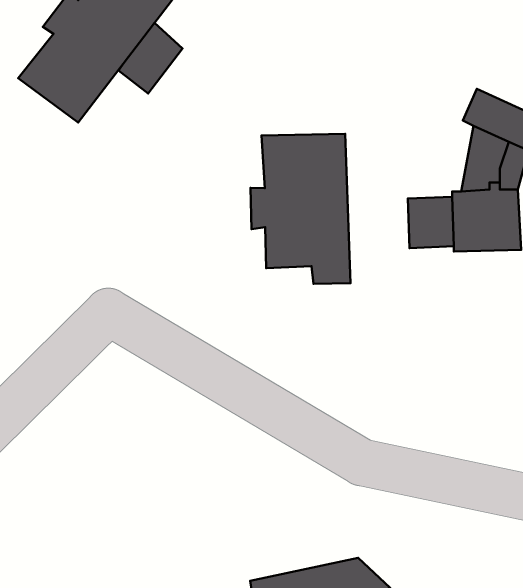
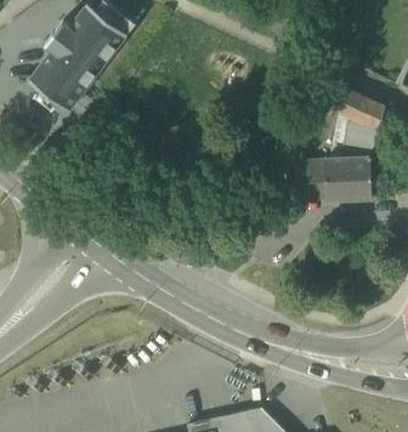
building: [118,23,182,94] -> none
building: [250,134,351,284] -> none

